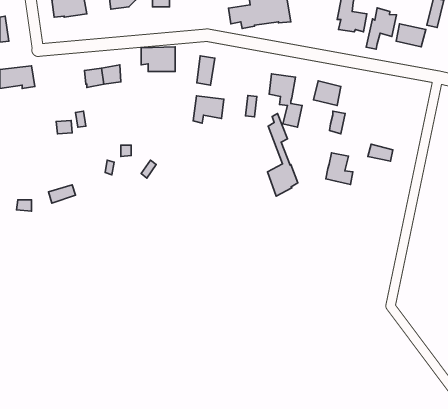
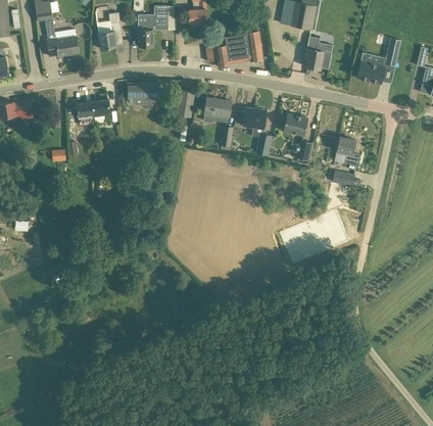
building: [366,8,396,49] -> none
building: [193,96,224,123] -> [203,97,231,122]
building: [268,114,298,196] -> none
building: [326,153,353,184] -> [335,136,359,164]

